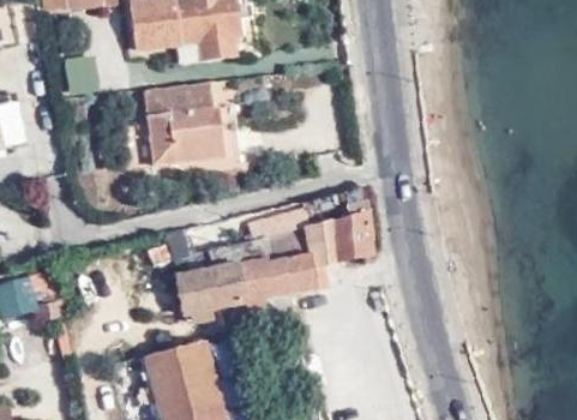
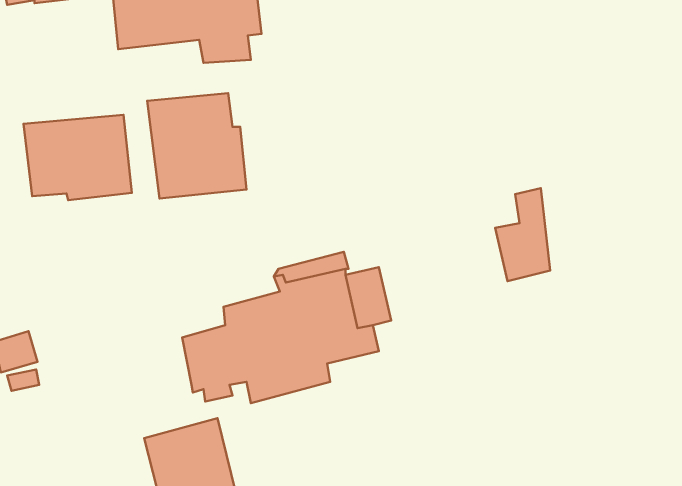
building: none -> [24,115,132,200]
building: [331,188,374,262] -> [495,188,550,281]

